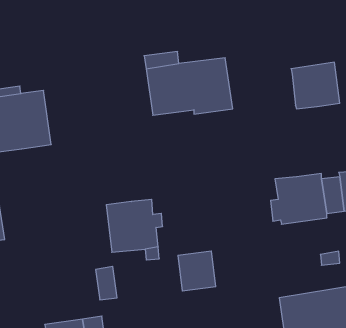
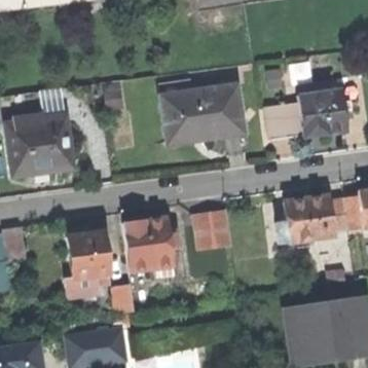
building: none -> [270,101,304,135]
building: none -> [68,232,111,286]
building: [178,251,216,291] -> [196,213,232,251]

